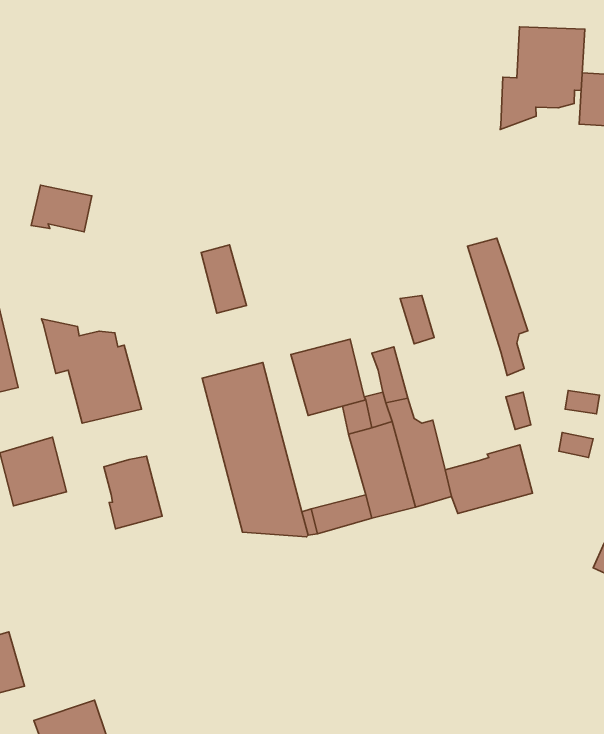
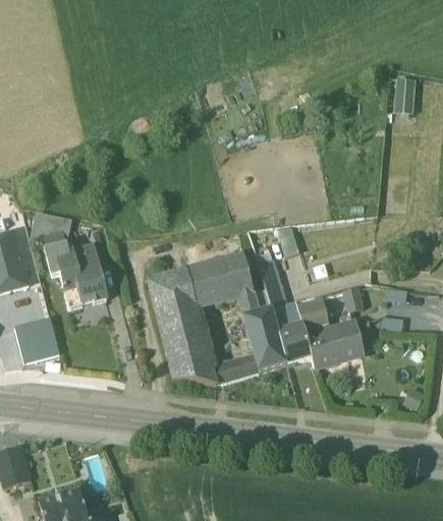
building: [500,27,585,130] -> none
building: [31,185,92,232] -> [32,214,71,244]
building: [467,238,528,376] -> none
building: [201,245,246,313] -> [187,263,217,307]
building: none -> [298,299,329,338]
building: [104,456,162,529] -> none

